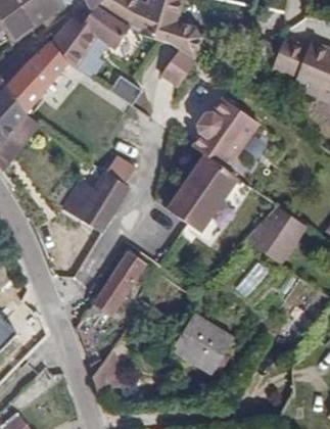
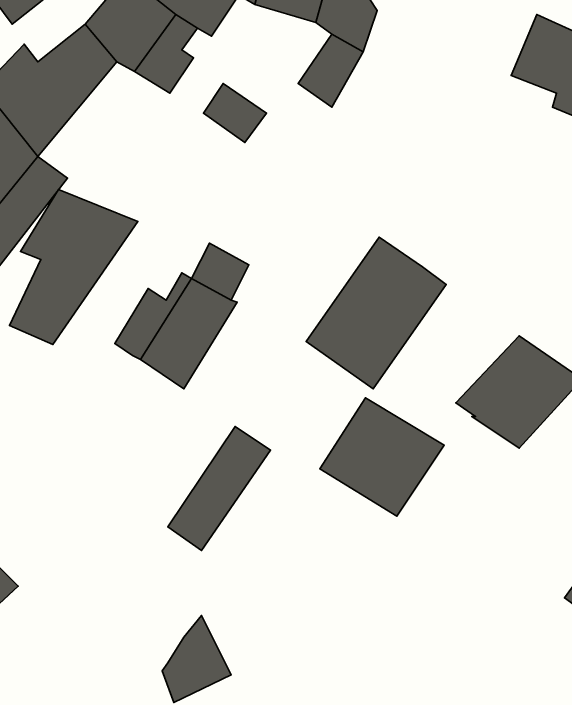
building: [195,97,257,169] -> none
building: none -> [10,190,138,344]
building: [171,313,235,374] -> [320,398,444,516]

